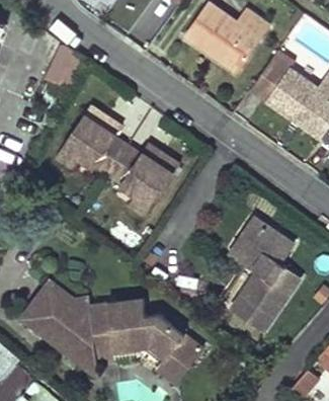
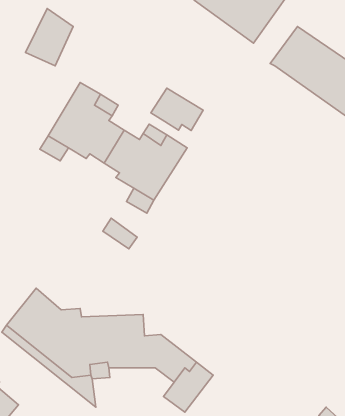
building: none -> [151,88,203,130]
building: [233,220,298,330] -> none

